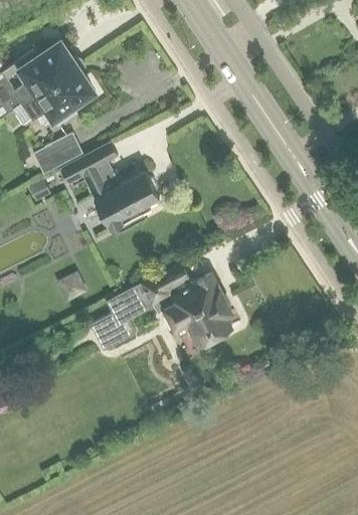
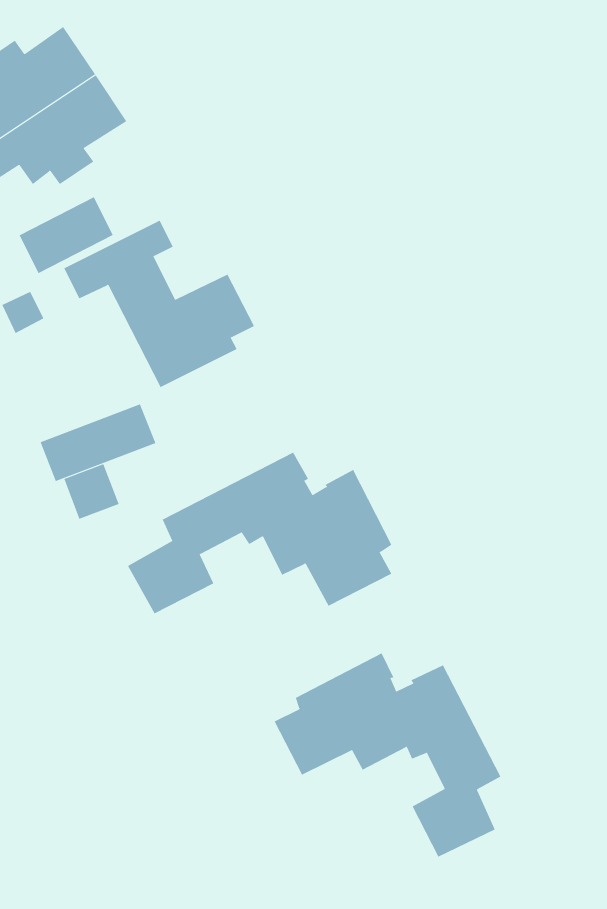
building: none -> [40,404,156,482]
building: none -> [274,653,501,857]

